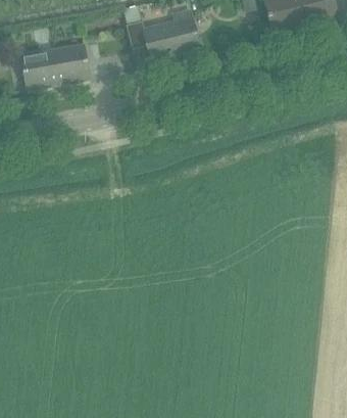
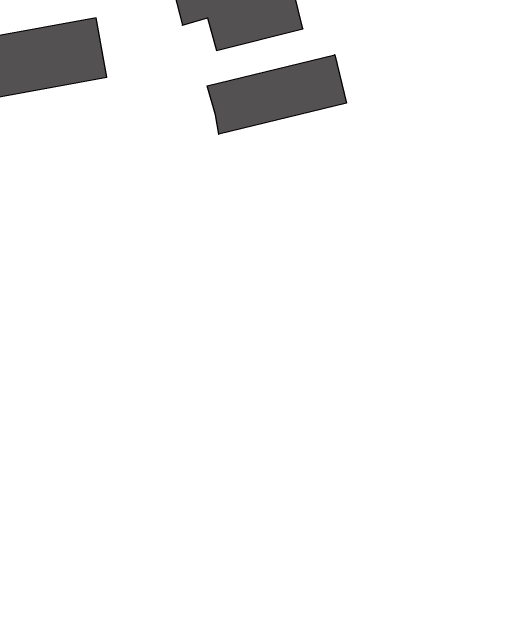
building: none -> [207,55,346,134]

